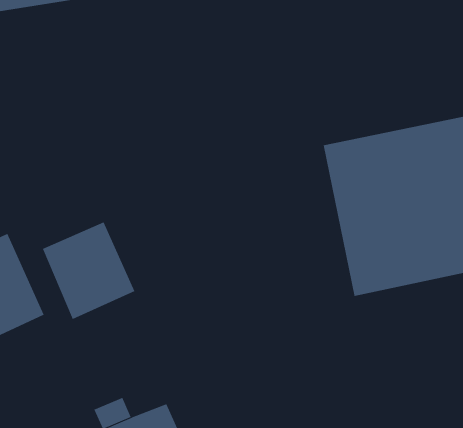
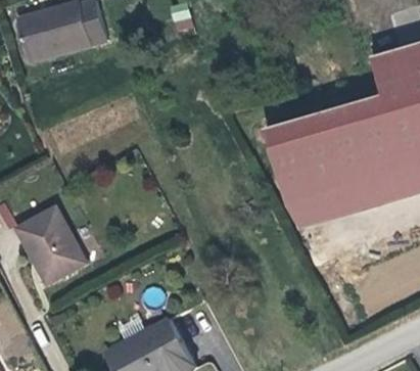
building: [42,221,135,320] -> none

